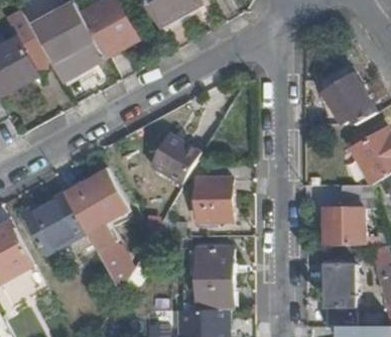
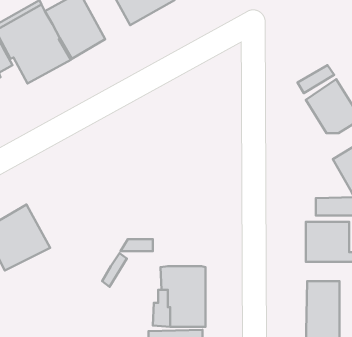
building: [147,136,201,188] -> none
building: [66,175,130,292] -> none
building: [198,177,232,227] -> none

